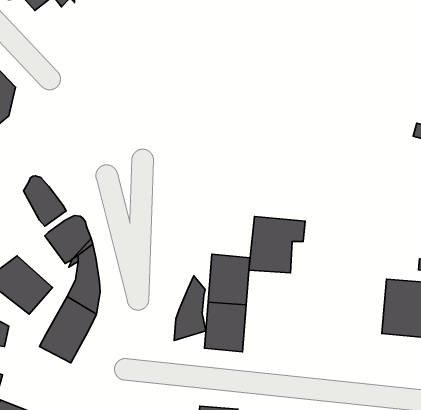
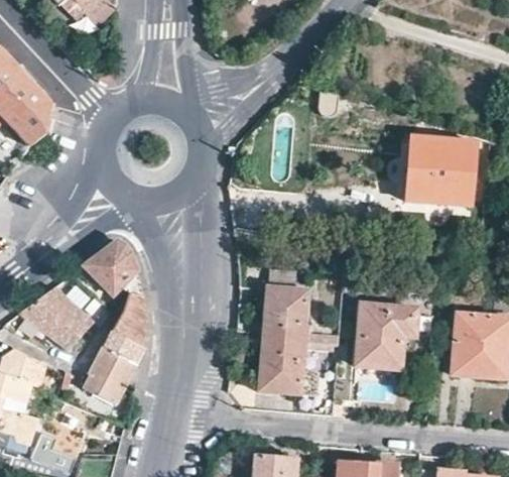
building: none -> [404,135,478,213]
building: [23,176,66,226] -> none
building: [249,217,305,273] -> [356,305,417,366]
building: [174,276,206,340] -> none

